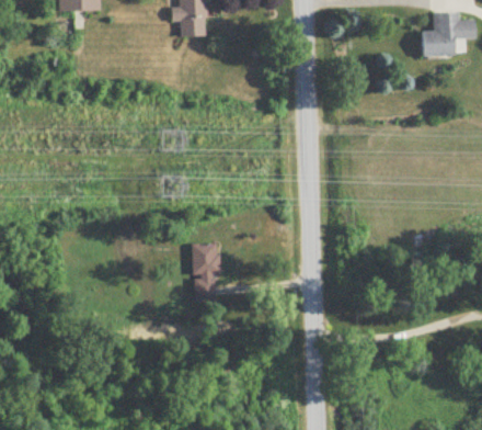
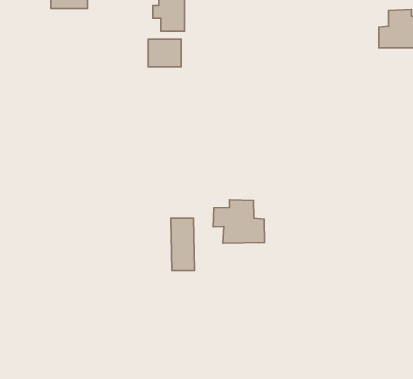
building: none -> [148,39,181,67]
building: none -> [213,200,265,243]

